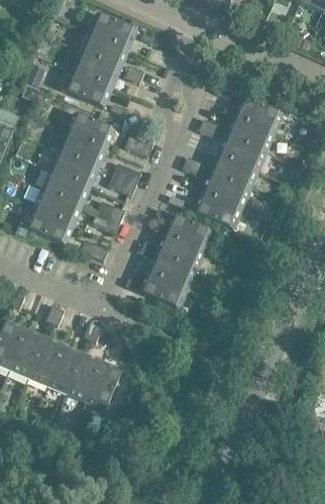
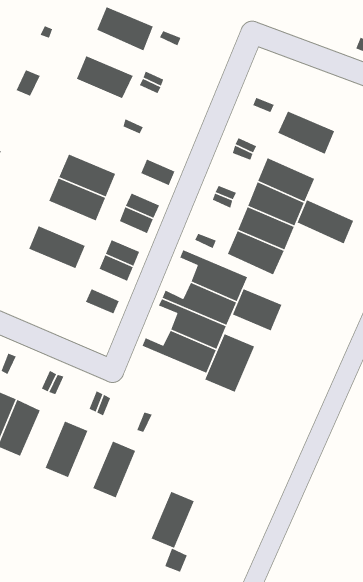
building: [81,32,127,69] -> none
building: [65,72,110,107] -> none
building: [67,112,113,147] -> none
building: [226,115,273,152] -> [296,199,354,244]
building: [42,170,89,205] -> none
building: [26,208,73,244] -> none
building: none -> [232,288,282,332]
building: none -> [204,333,255,393]
building: [28,337,64,384] -> none
building: [67,354,102,400] -> [151,491,195,549]

